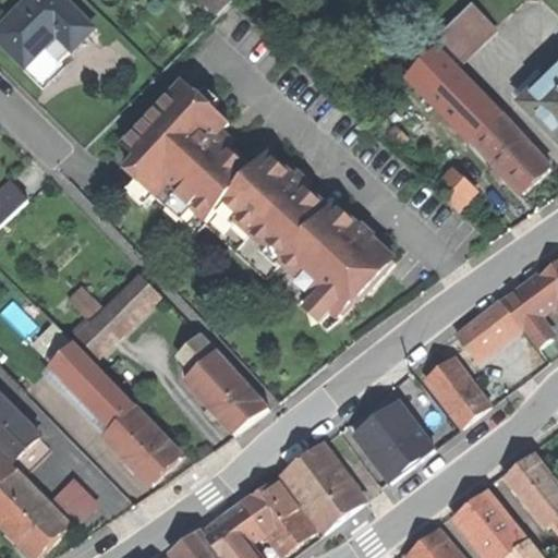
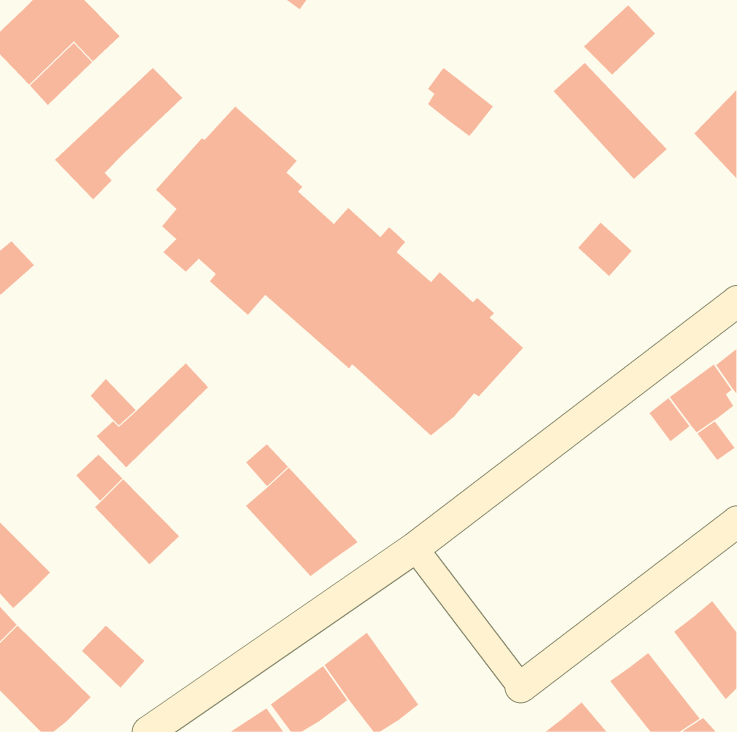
building: none -> [427,67,494,137]
building: none -> [54,67,183,200]
building: [472,112,549,193] -> none
building: [457,311,504,355] -> none
building: [426,356,490,426] -> none
building: [354,402,432,481] -> none
building: [104,405,184,483] -> none
building: [279,442,364,532] -> none

